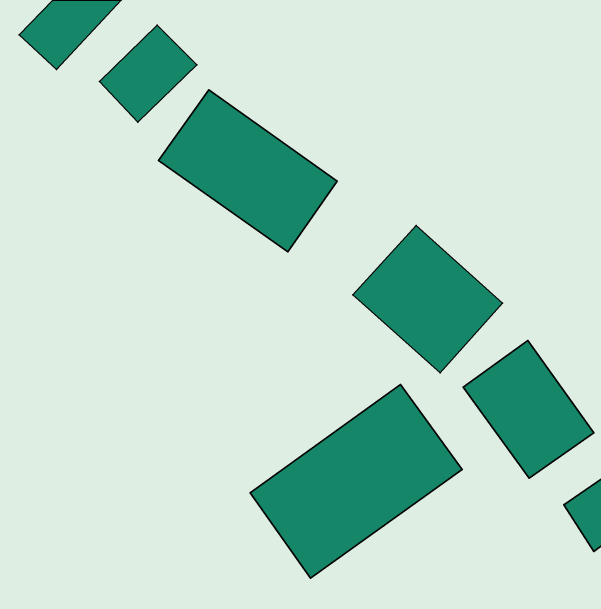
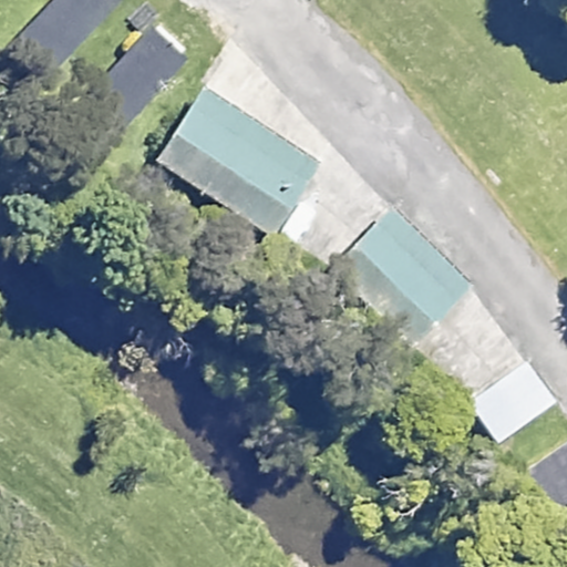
building: [250,384,462,578] -> none

